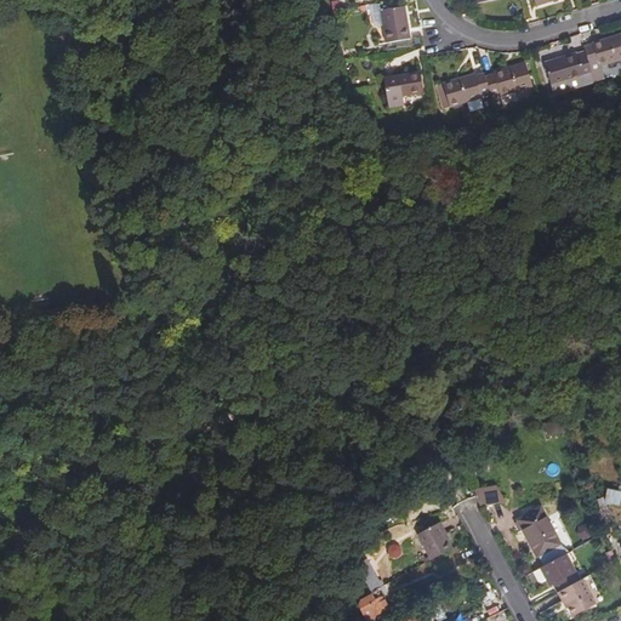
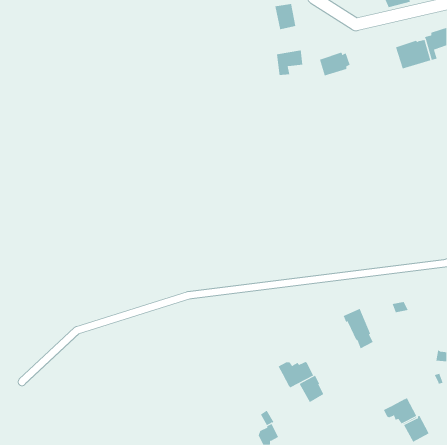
building: [479,59,534,95] -> none
building: none -> [278,361,314,388]
building: [518,505,560,562] -> [343,308,373,349]

